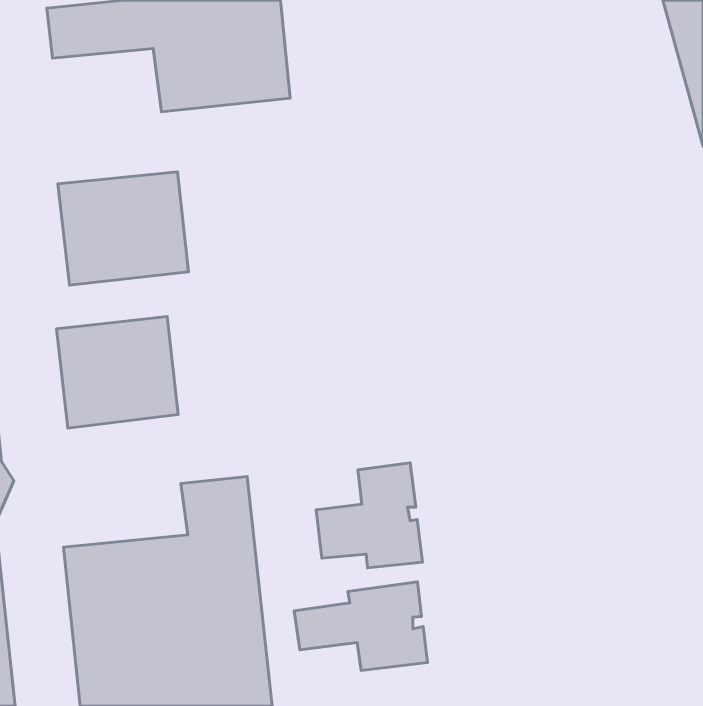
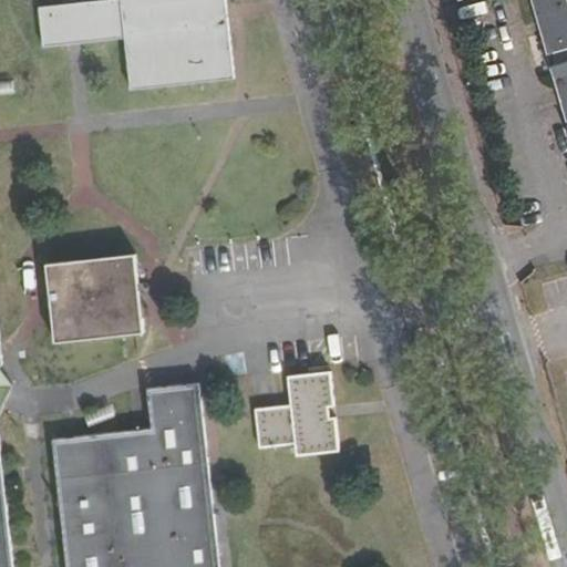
building: [58,172,189,285] -> none
building: [294,582,427,671] -> none

